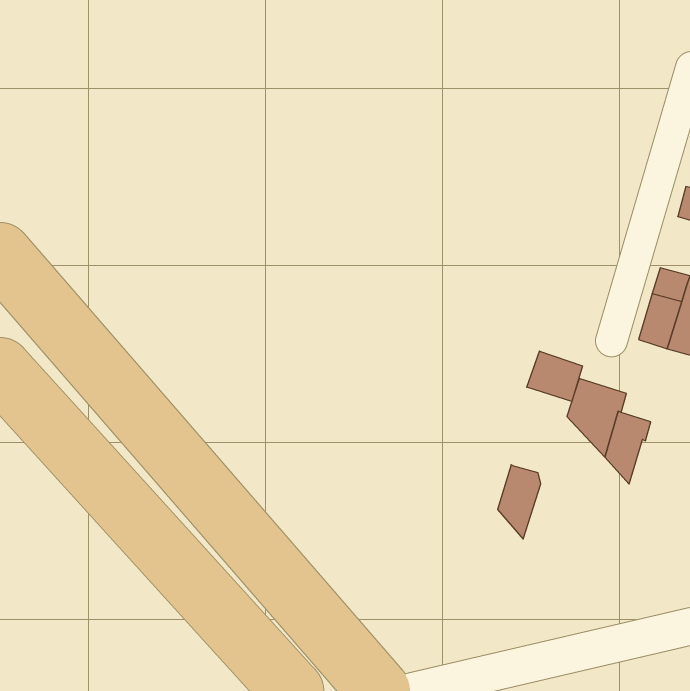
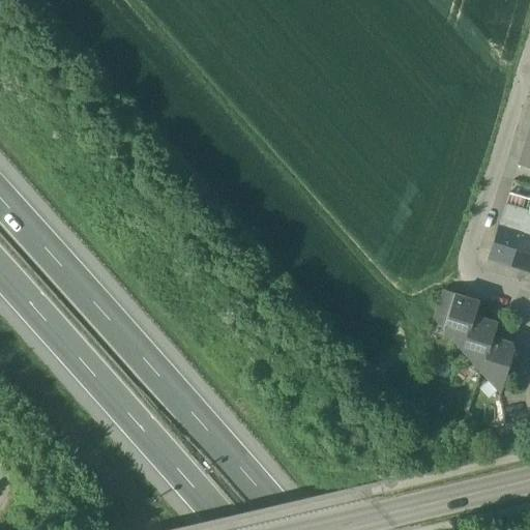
building: [527,351,583,402] -> none
building: [498,465,541,539] -> [482,336,516,393]

